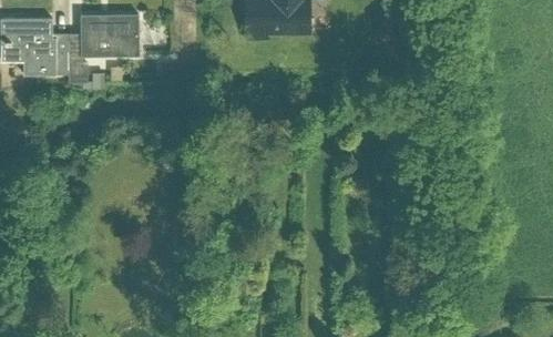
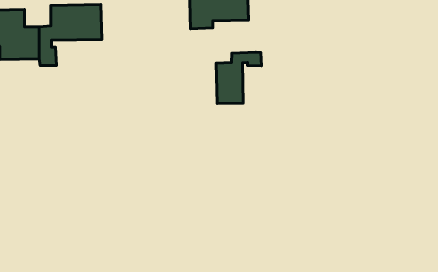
building: none -> [216,52,262,103]

